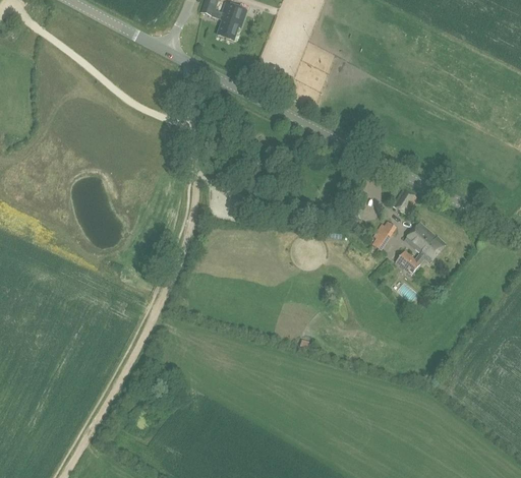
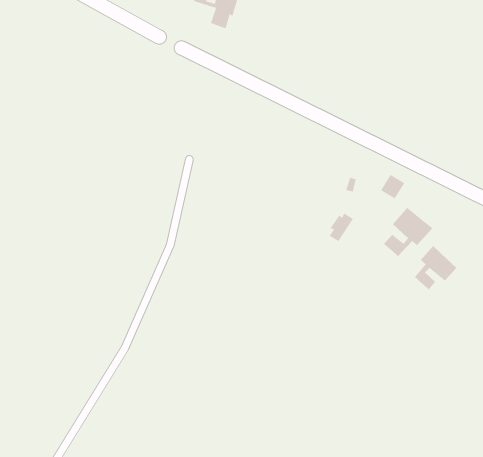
building: [371,220,397,249] -> [329,213,354,242]
building: none -> [414,245,457,290]

